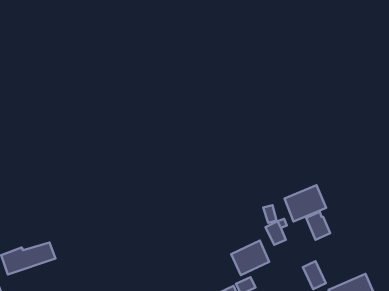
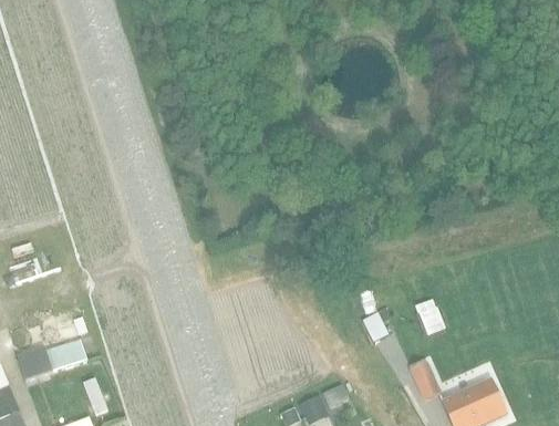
building: [284,185,326,222] -> none
building: [231,240,269,275] -> none

